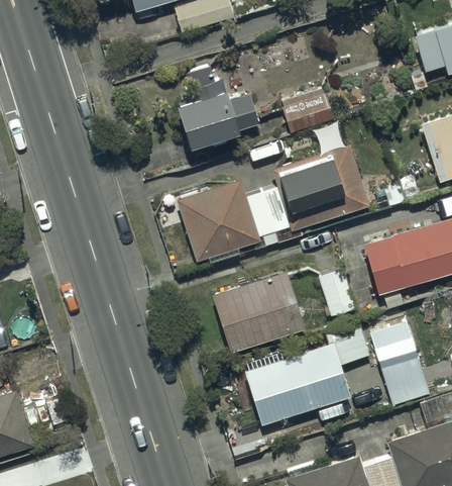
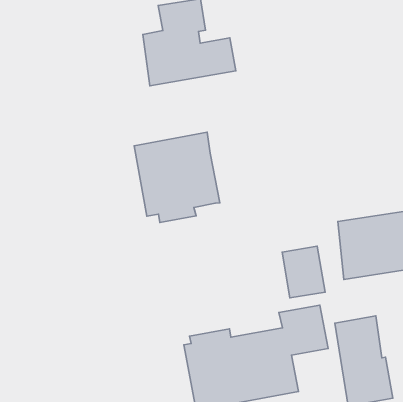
building: [282,91,333,133] -> none
building: [244,143,369,251] -> none
building: [210,272,304,355] -> none

